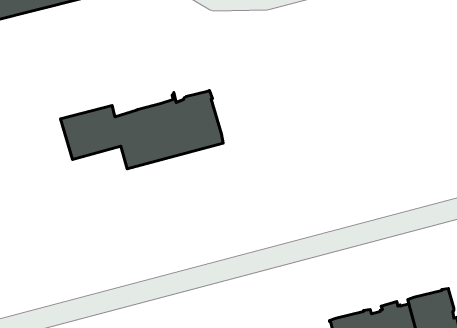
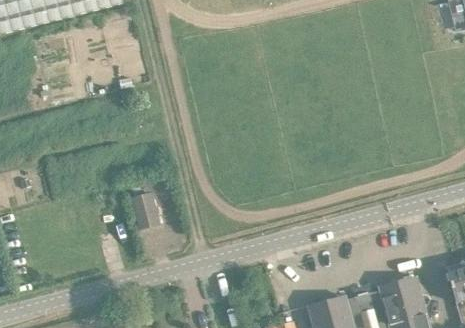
building: [61,90,223,169] -> none
building: none -> [132,193,159,229]

